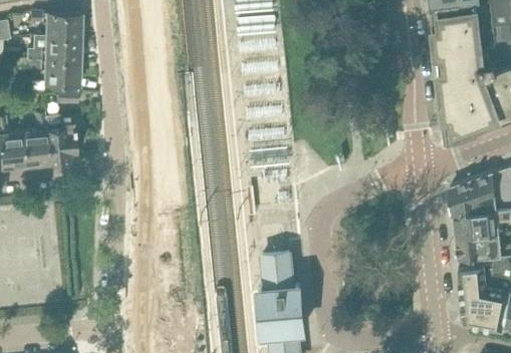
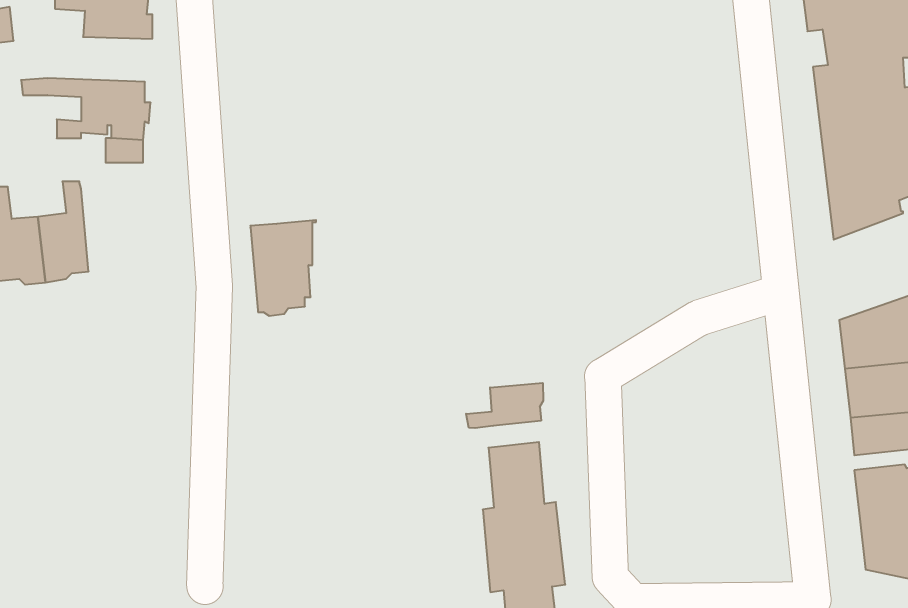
building: [26,37,82,62] -> none
building: [44,115,79,166] -> [250,220,316,316]
building: none -> [466,383,543,428]

